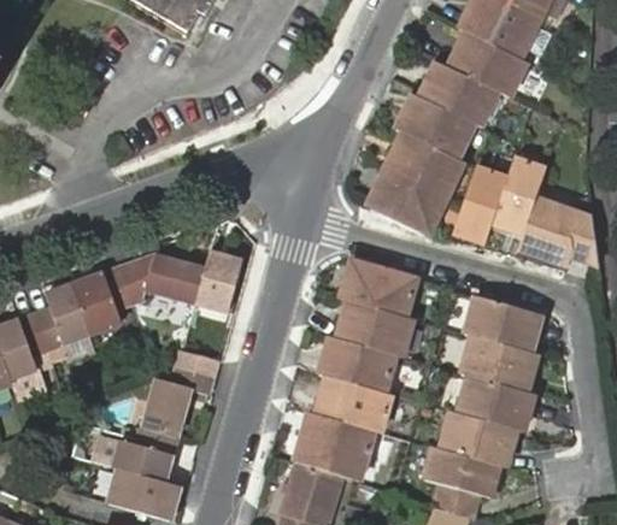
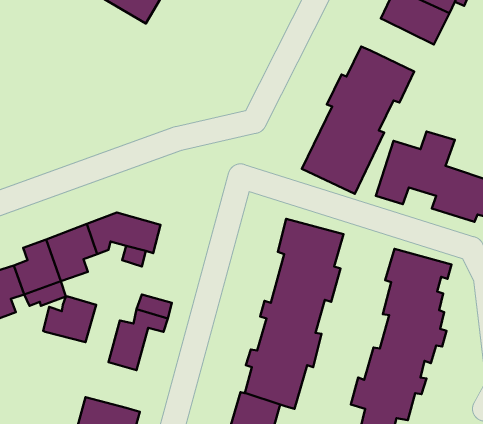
building: [447,31,527,98] -> none
building: [195,252,242,311] -> none
building: [114,427,176,480] -> [43,297,96,342]

